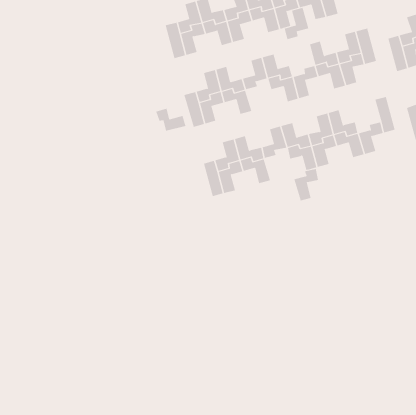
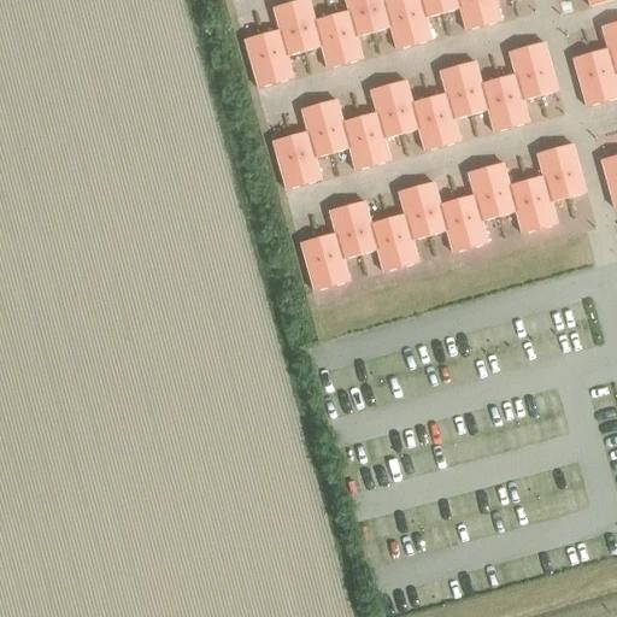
building: [284,7,309,40] -> [429,65,466,113]
building: none -> [364,116,401,164]
building: none -> [527,147,564,196]
building: [156,108,186,132] -> none
building: [294,169,319,201] -> [392,218,429,266]

